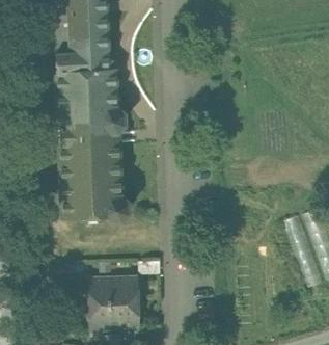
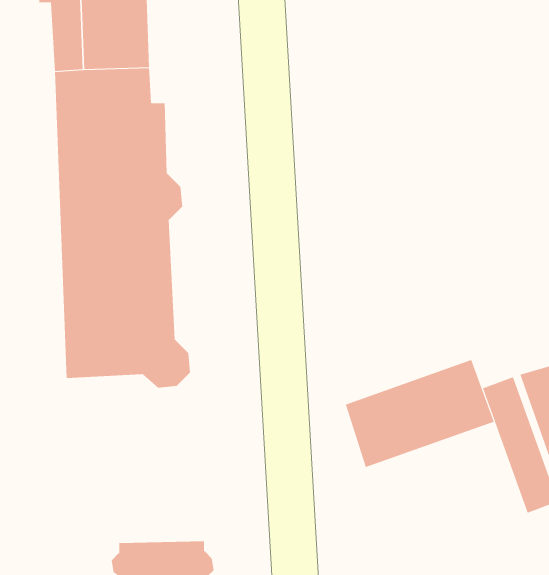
building: none -> [345,359,495,468]
building: [88,276,142,302] -> none

